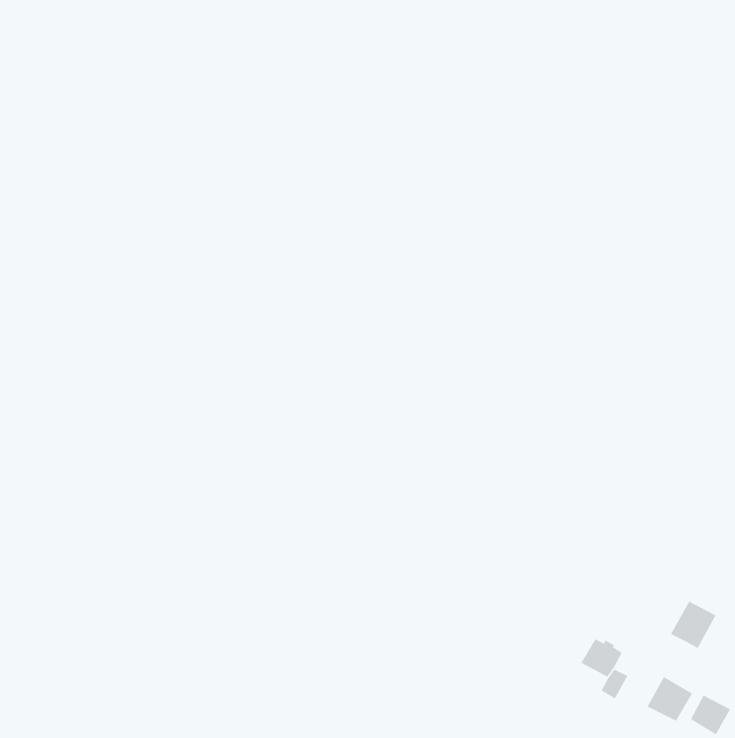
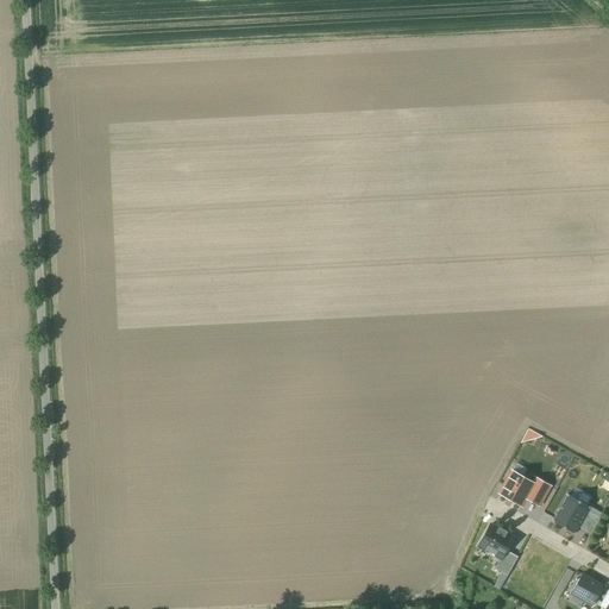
building: none -> [501,471,551,504]
building: [647,676,693,721] -> none

